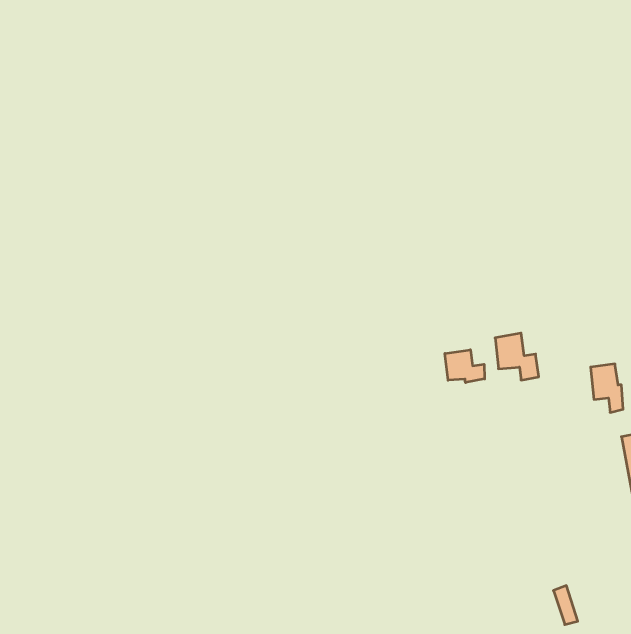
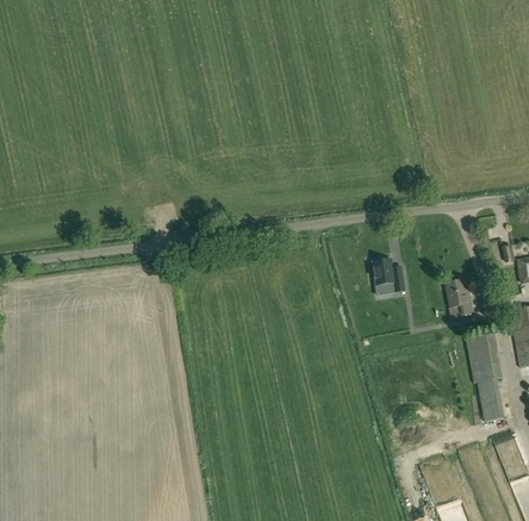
building: [445,350,485,383] -> none

